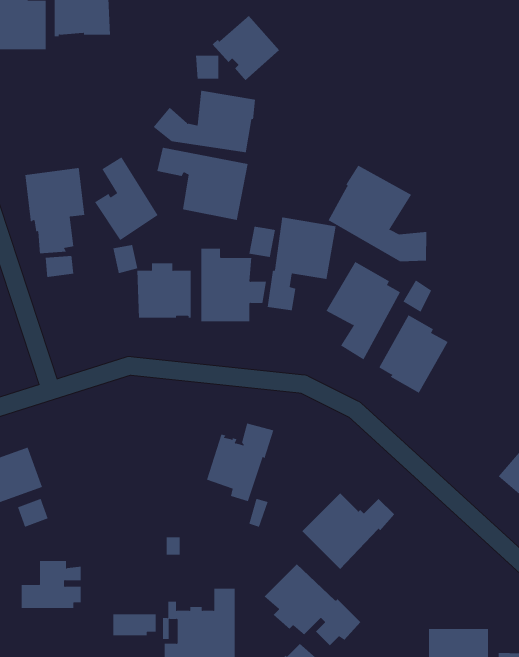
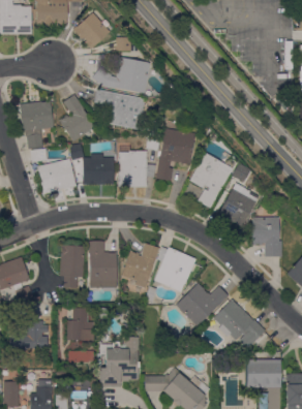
building: [212,15,280,81] -> [72,12,111,50]
building: [328,165,427,262] -> none
building: none -> [38,158,77,194]
building: none -> [252,209,281,256]
building: none -> [60,240,86,288]
building: none -> [90,241,117,287]
building: none -> [154,247,197,292]
building: none -> [67,308,94,341]
building: [264,563,361,646] -> [213,300,268,346]

